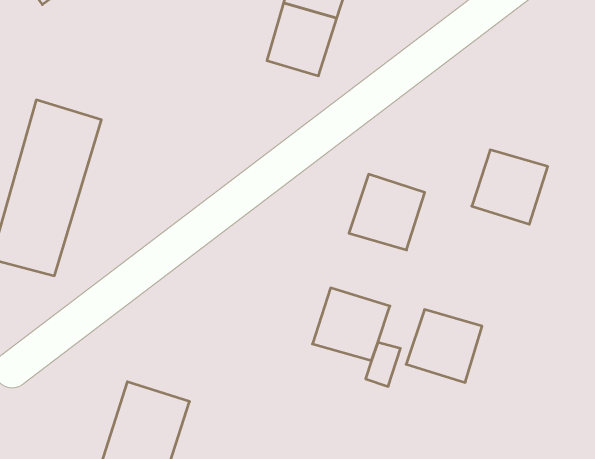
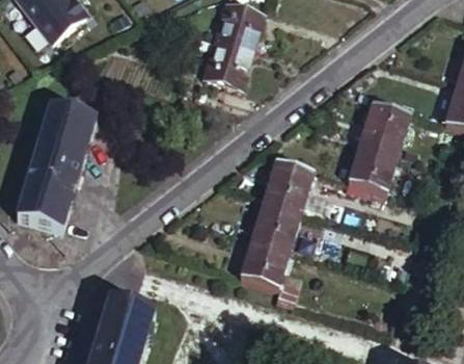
building: none -> [359,101,411,152]
building: [406,310,482,382] -> [250,198,302,248]

